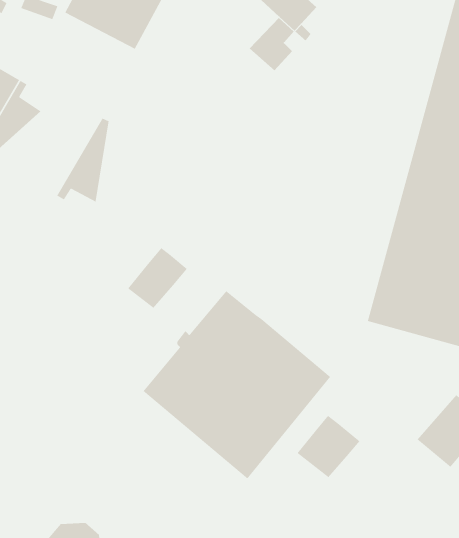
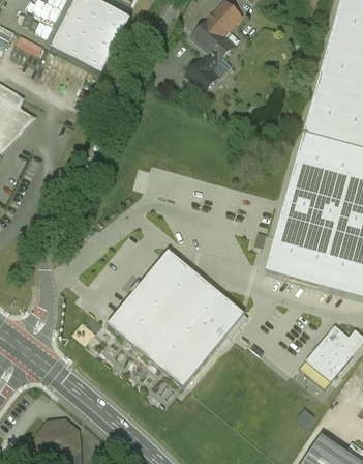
building: [56,118,109,203] -> none
building: [127,247,188,309] -> none
building: [297,415,360,478] -> none

